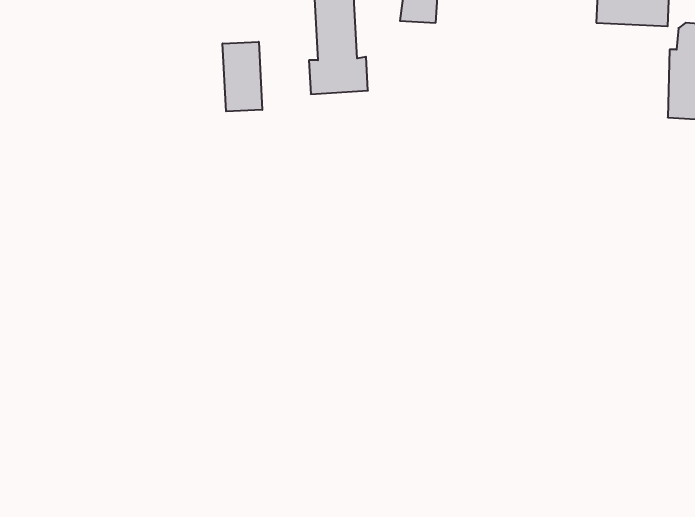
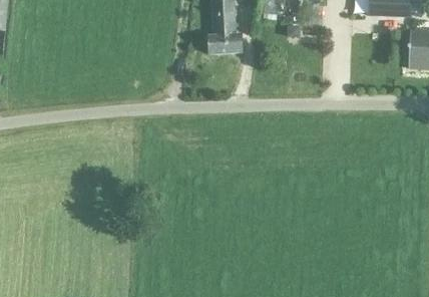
building: [223,42,262,111] -> none

